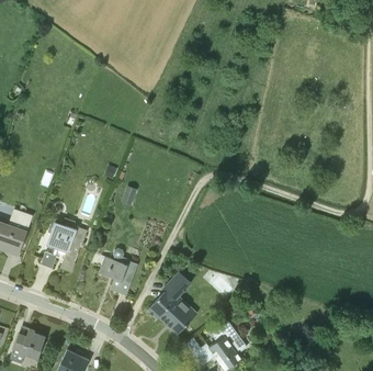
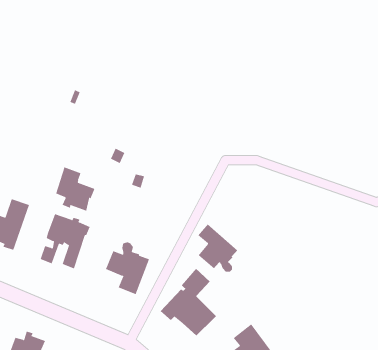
building: none -> [55,167,95,212]
building: none -> [197,223,238,273]

